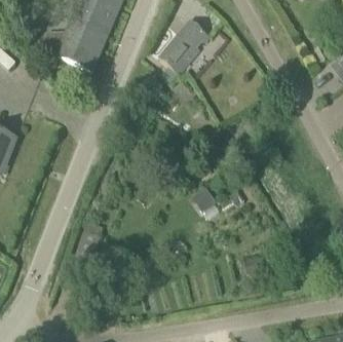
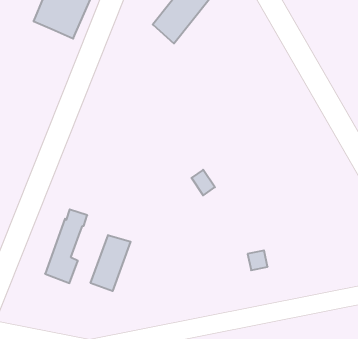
building: none -> [91,235,131,291]

